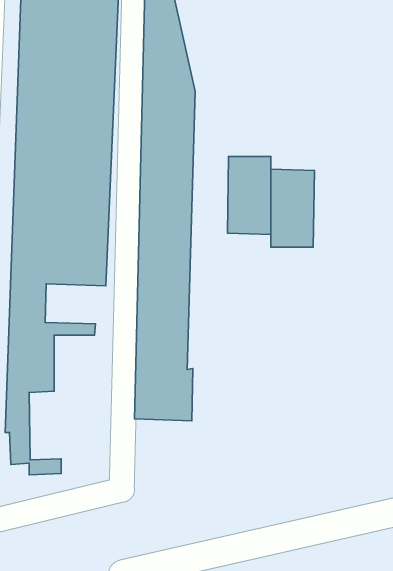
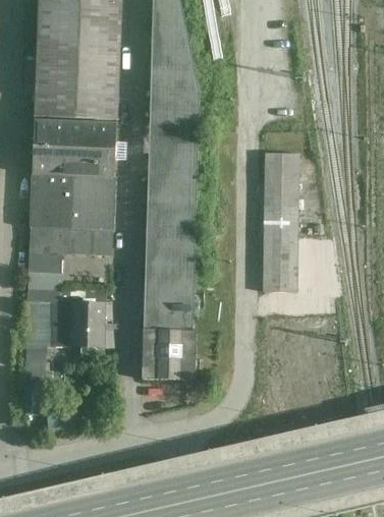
building: [227,157,271,234] -> [261,222,299,291]
building: none -> [69,300,114,350]

